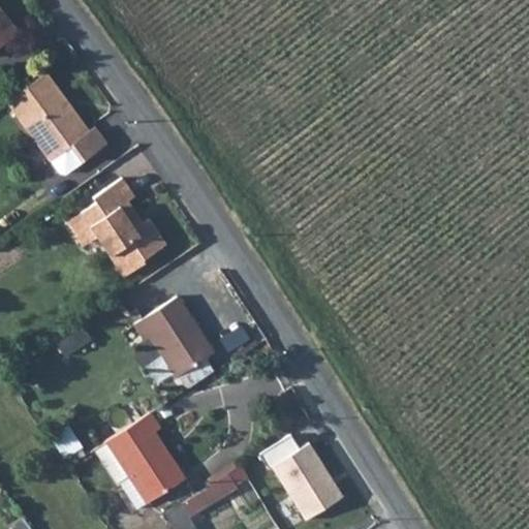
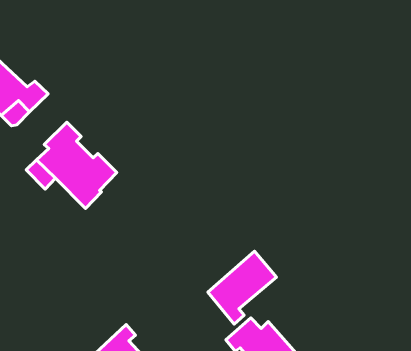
building: [135,297,214,376] -> none
building: none -> [208,251,276,324]

